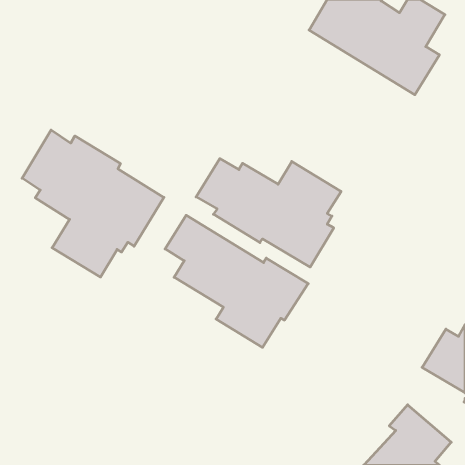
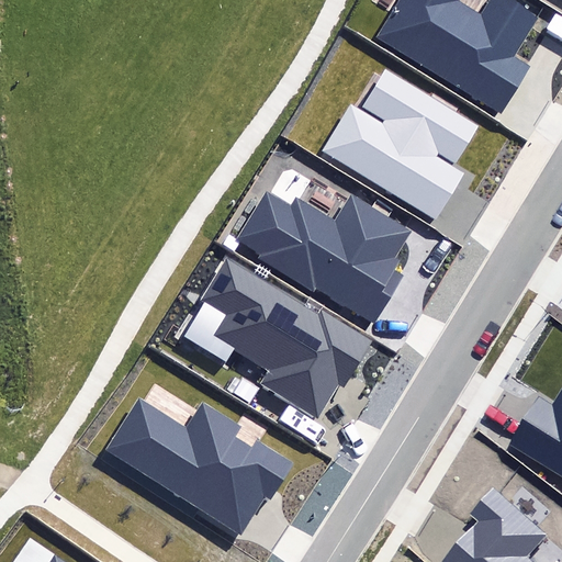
building: none -> [322,69,476,218]
building: [22,130,164,277] -> none
building: none -> [105,400,294,536]

